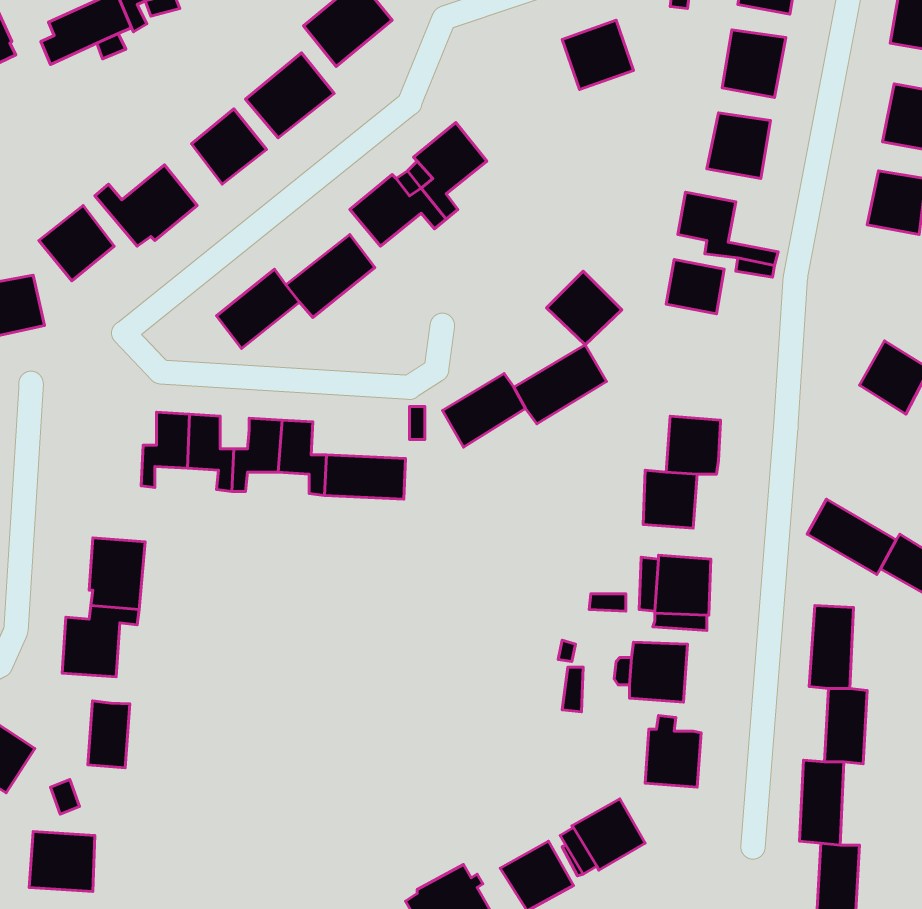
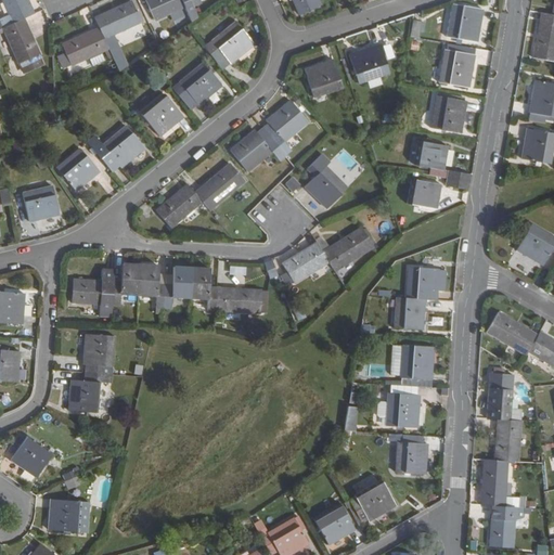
building: none -> [304,60,343,98]
building: [547,271,622,345] -> [305,166,347,207]
building: none -> [72,269,114,318]
building: [88,701,130,768] -> none

